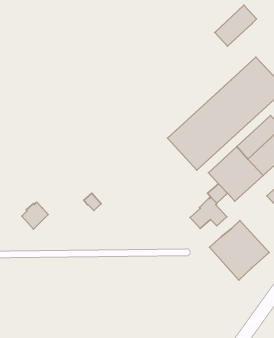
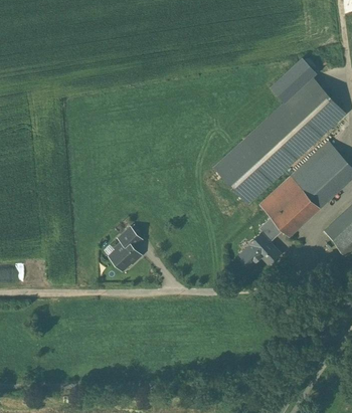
building: [215,5,257,46] -> [271,58,317,104]
building: [22,203,48,229] -> [110,241,139,270]
building: [210,221,269,280] -> none

